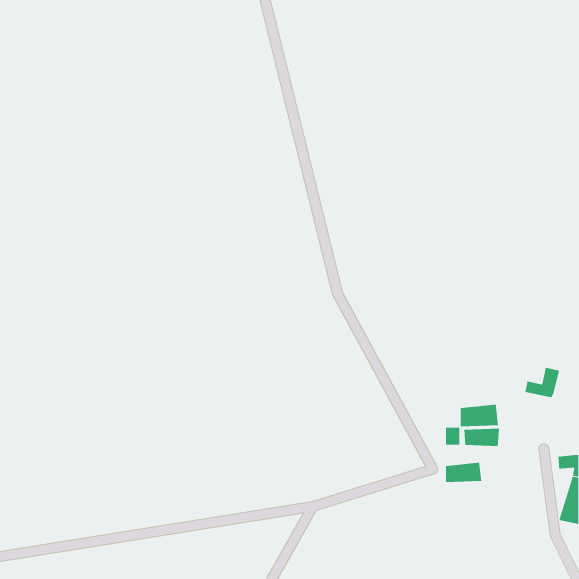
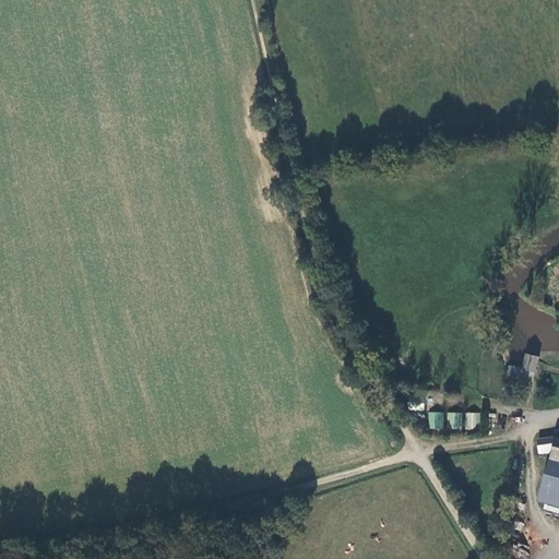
building: [460,404,499,427] -> none
building: [446,462,482,483] -> none

